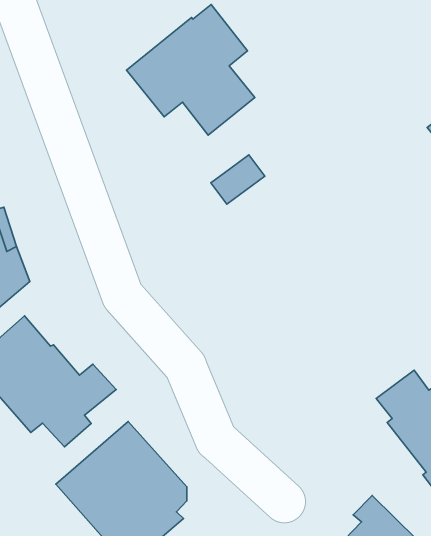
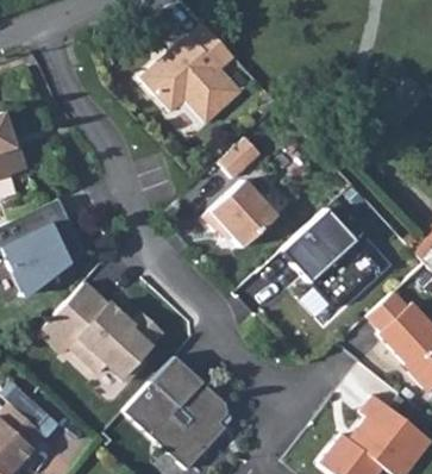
building: none -> [211,180,283,248]
building: none -> [282,208,381,308]

